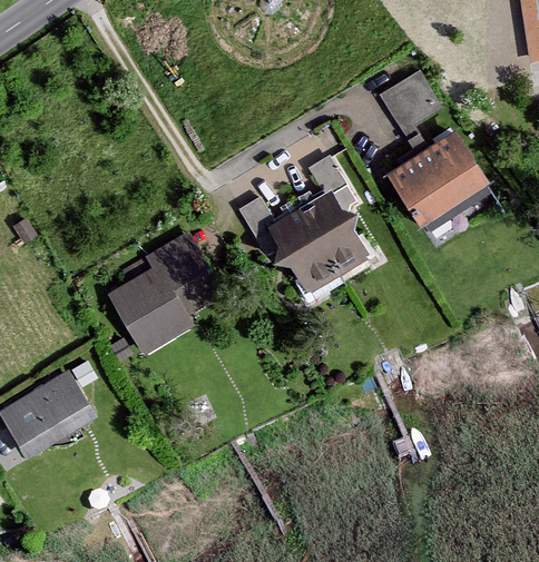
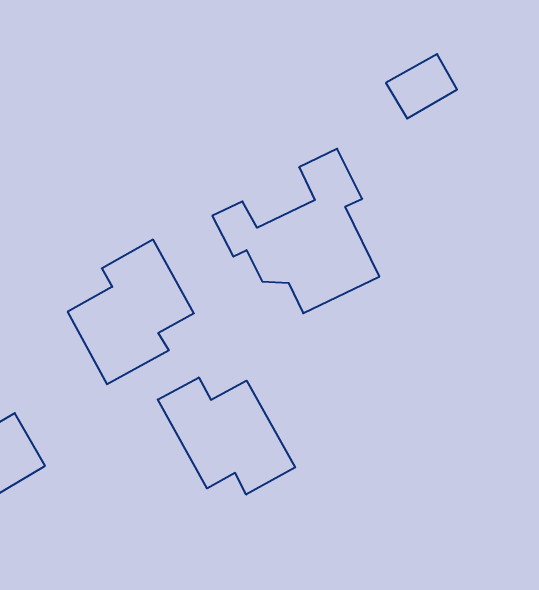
building: [392,140,483,226] -> none
building: none -> [158,377,295,495]

